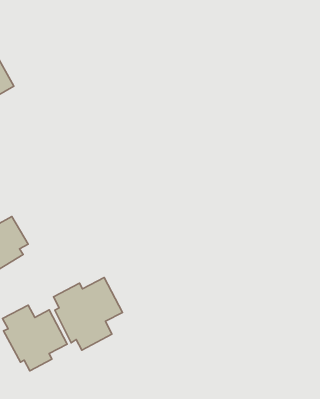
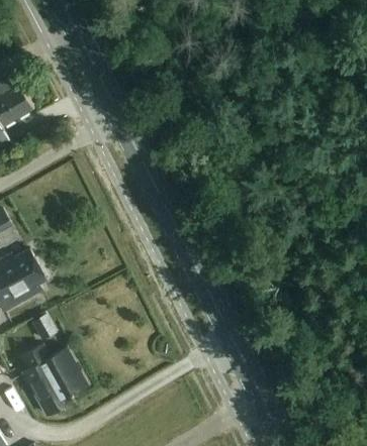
building: [54,278,122,350] -> none

